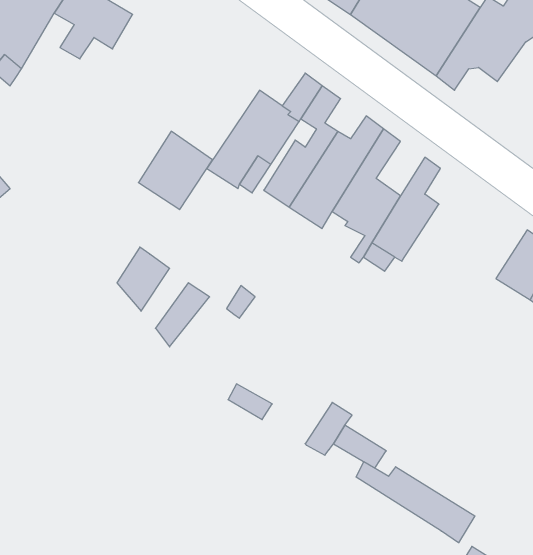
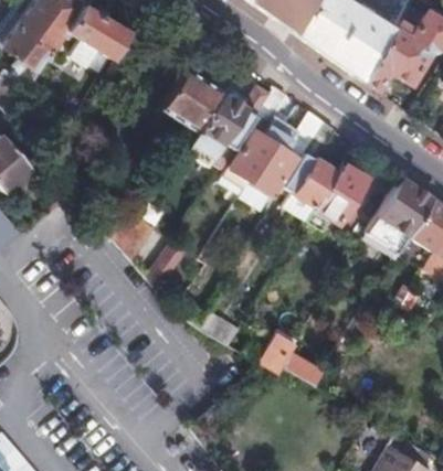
building: [138,131,213,210] -> [161,68,219,129]
building: none -> [366,176,433,255]
building: [356,462,475,543] -> none

